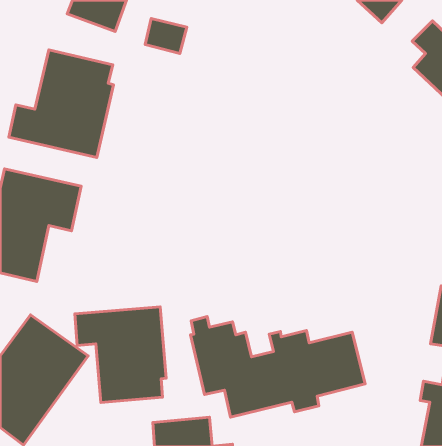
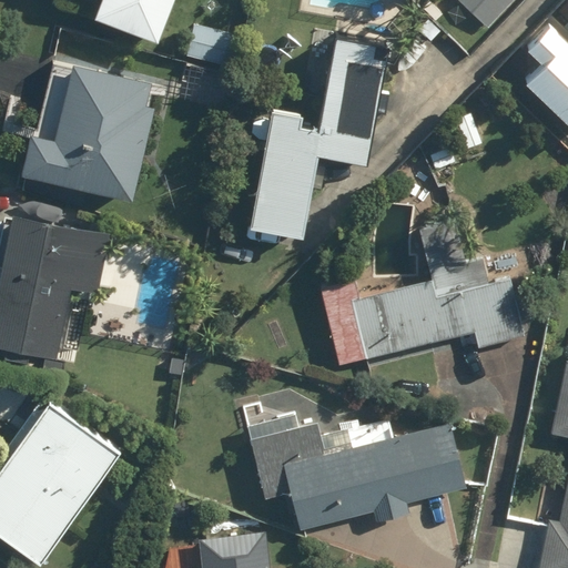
building: none -> [245,34,386,239]
building: none -> [320,219,527,366]
building: [75,307,166,402] -> none

